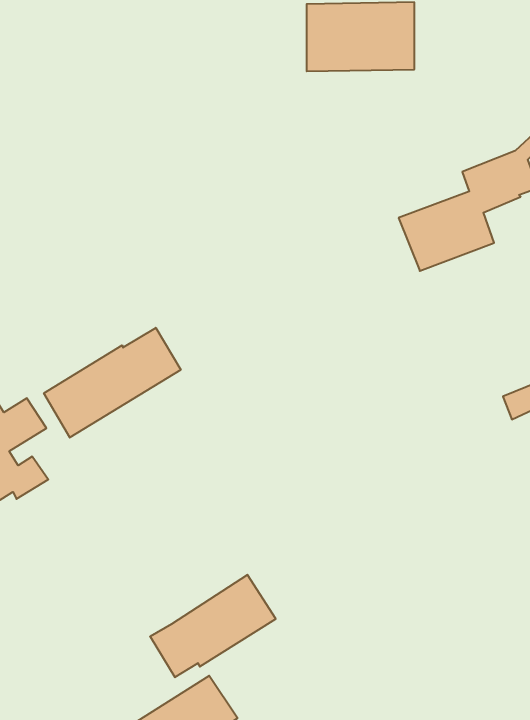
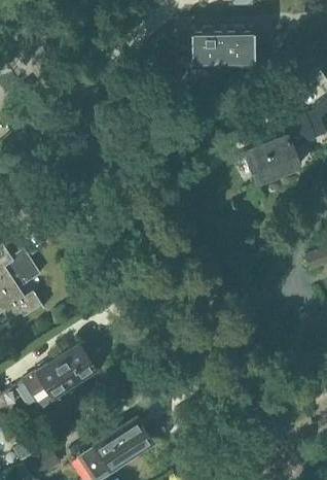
building: [44,328,181,438] -> none
building: [150,575,276,677] -> [22,345,95,405]

